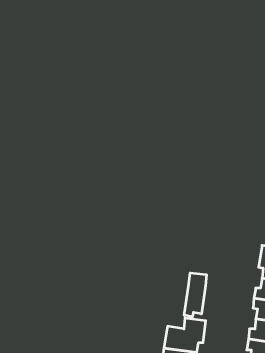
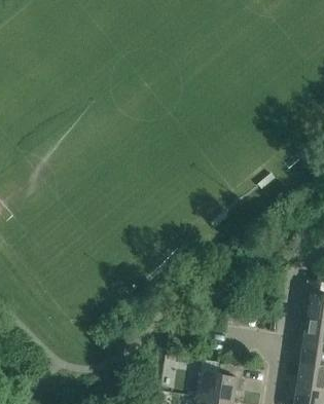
building: [184,273,206,317] -> none

